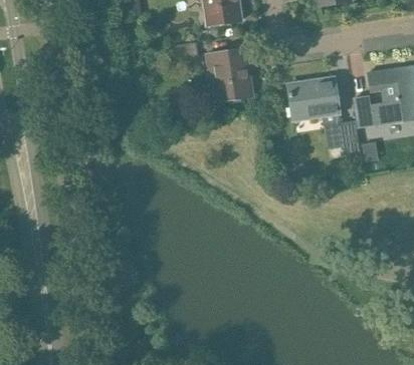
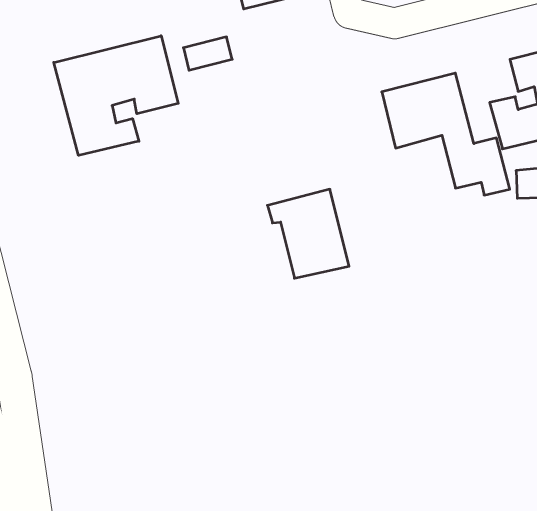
building: none -> [54,36,178,155]
building: [206,48,252,100] -> [267,189,349,278]

